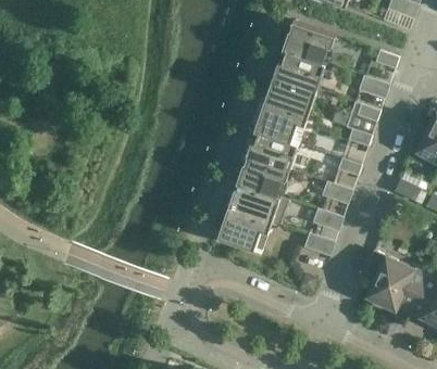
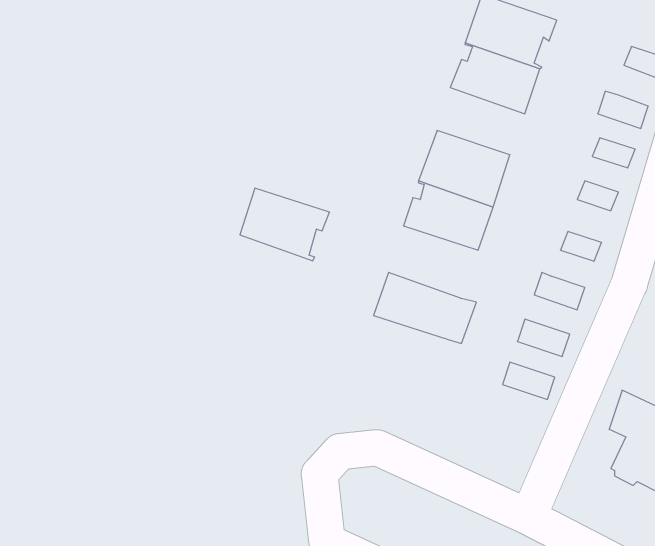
building: [266,75,317,114] -> none
building: [238,155,290,198] -> [240,188,330,261]
building: [218,207,273,250] -> none

